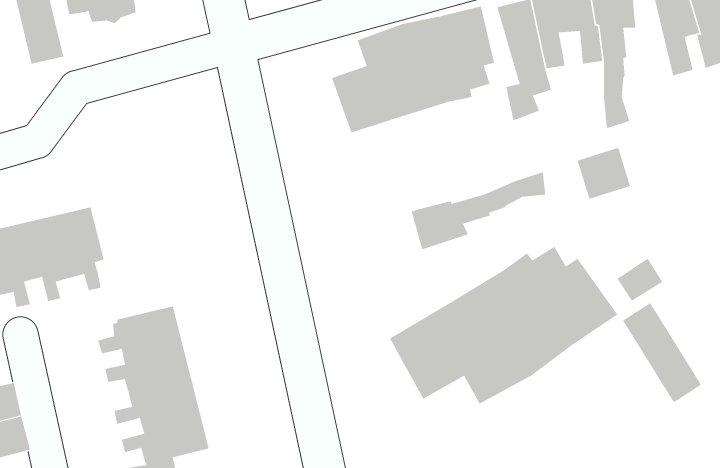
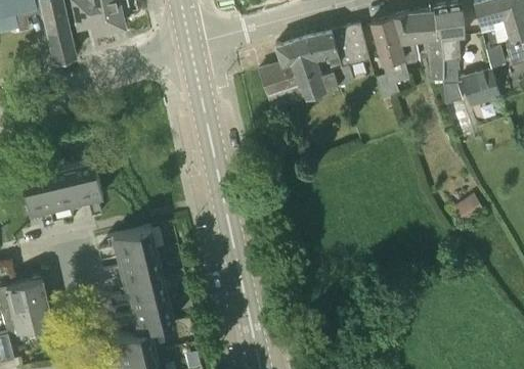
building: [577,147,631,200] -> [463,73,499,108]
building: [411,172,546,250] -> none
building: [389,246,618,405] -> none
building: [622,302,702,403] -> none

